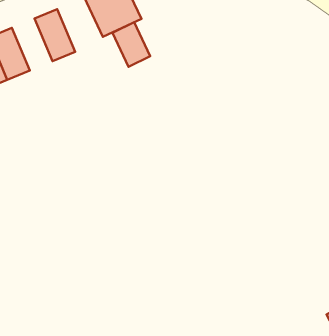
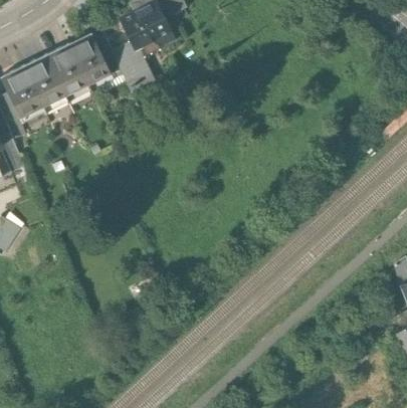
building: none -> [46,43,90,97]
building: [112,22,150,67] -> none

